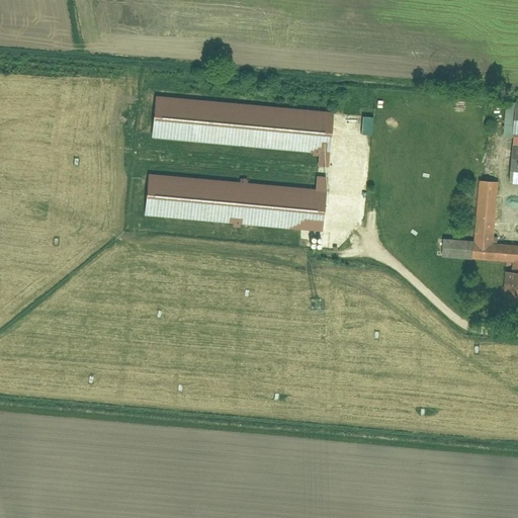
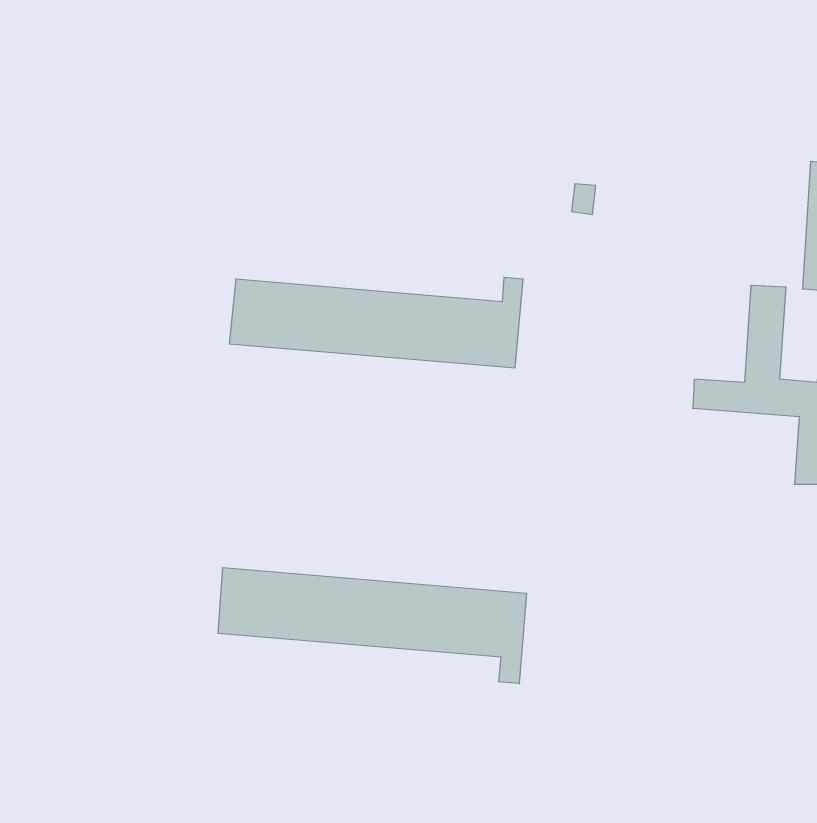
building: [158,96,340,167] -> none
building: none -> [218,568,526,684]

